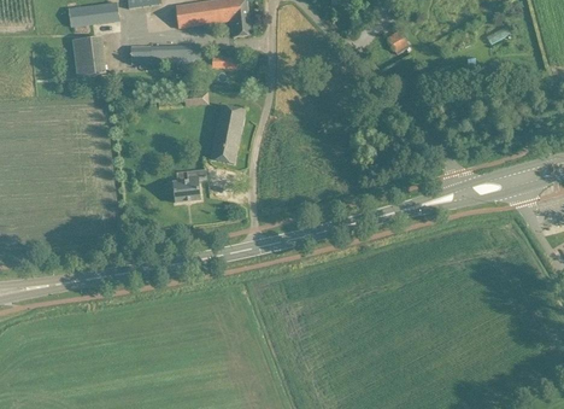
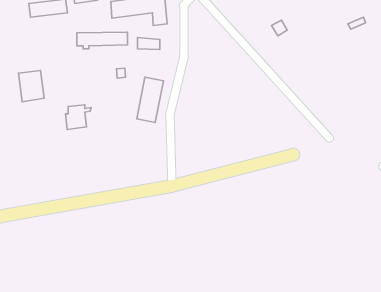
building: [71,35,105,76] -> [18,70,44,102]
building: [172,169,206,201] -> [65,105,91,130]

